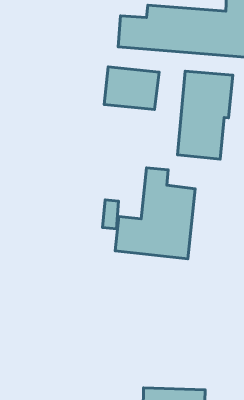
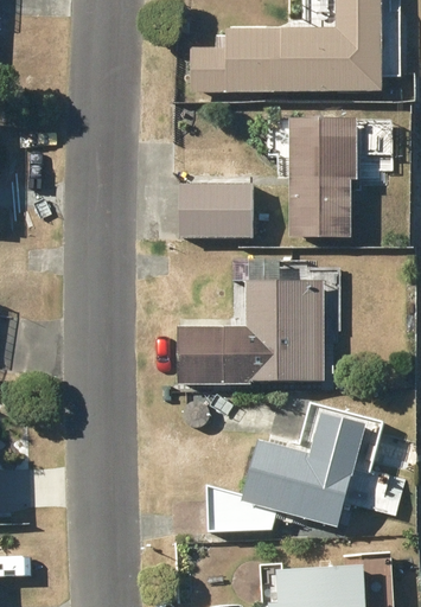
building: [104,67,159,110] -> [179,184,251,237]
building: none -> [208,409,364,530]

